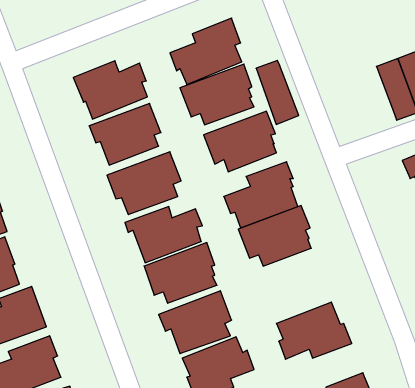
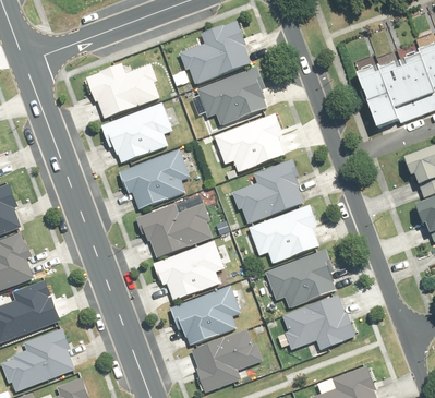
building: [256,60,299,124] -> [357,62,398,124]
building: none -> [258,245,329,304]

